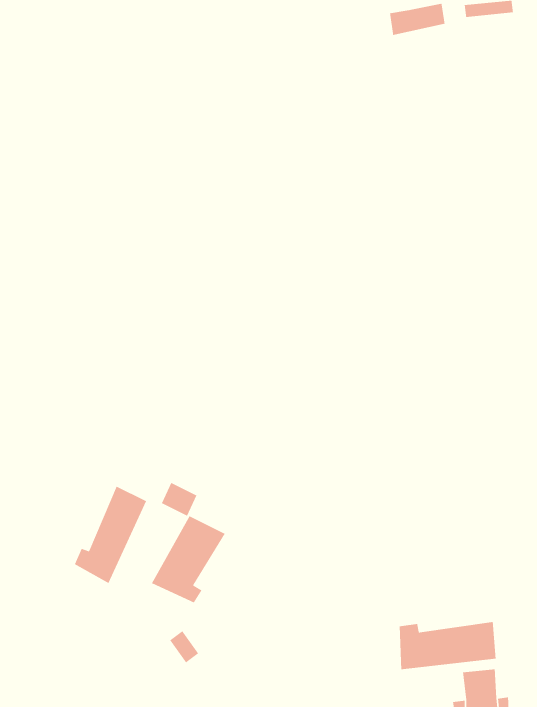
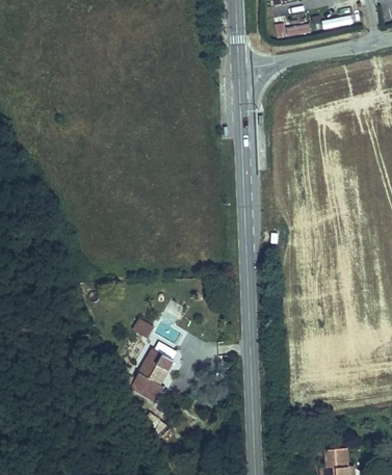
building: [74,485,147,584] -> none
building: [399,621,497,670] -> none

